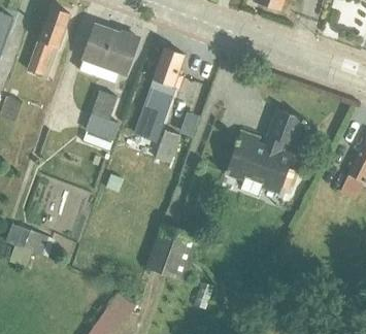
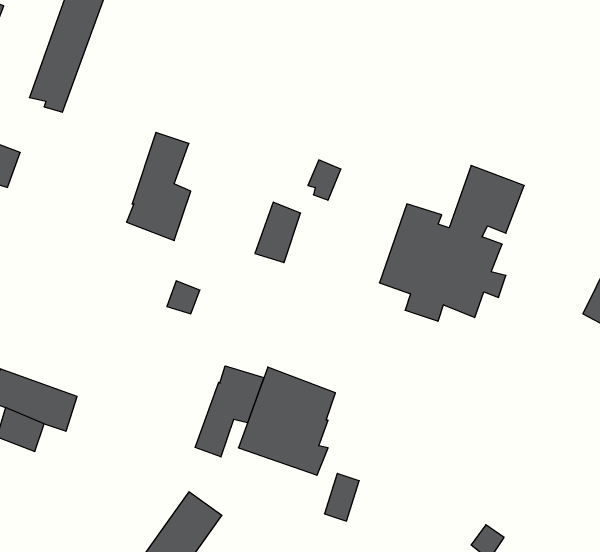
building: [79,25,138,82] -> none
building: [134,47,184,141] -> none
building: none -> [195,366,264,457]

